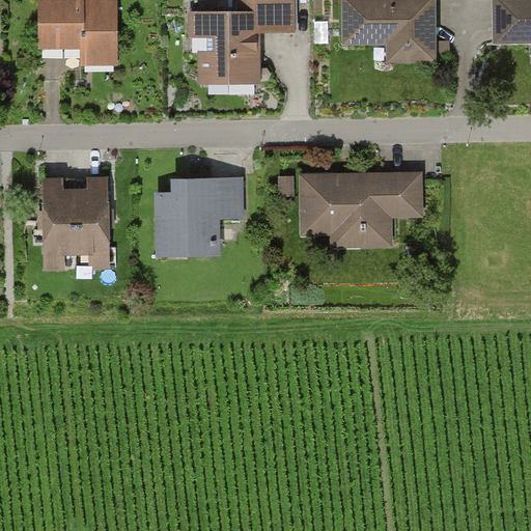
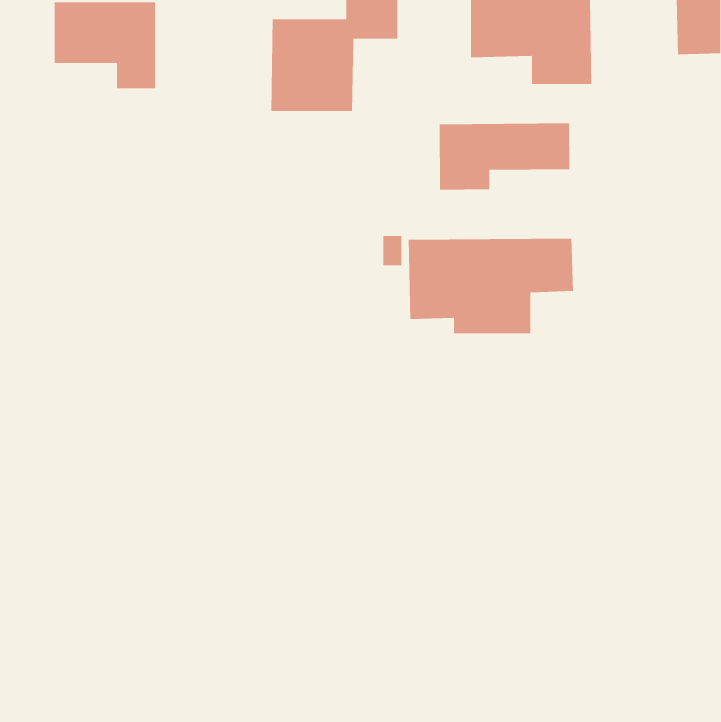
building: none -> [439,123,570,190]
building: [156,177,241,254] -> none
building: [43,178,109,264] -> none

